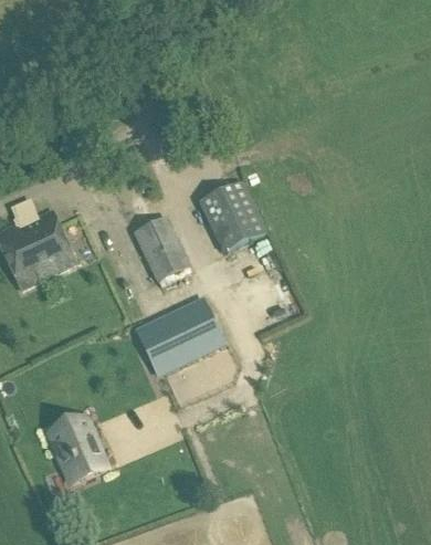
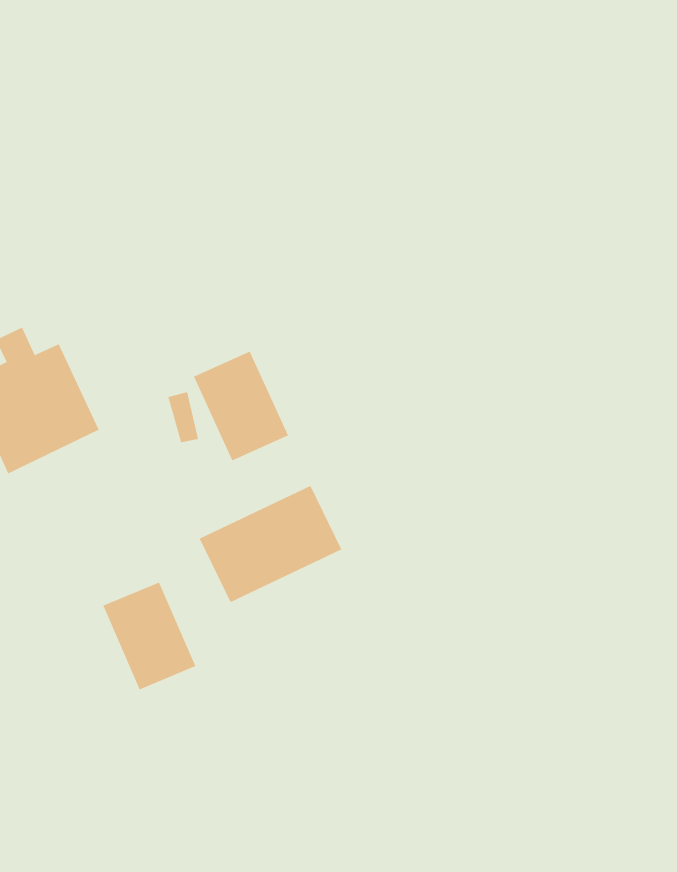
building: [199,179,266,251] -> none
building: [49,417,105,482] -> [103,582,196,690]

